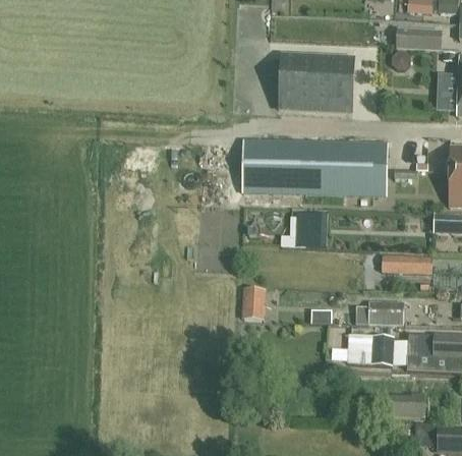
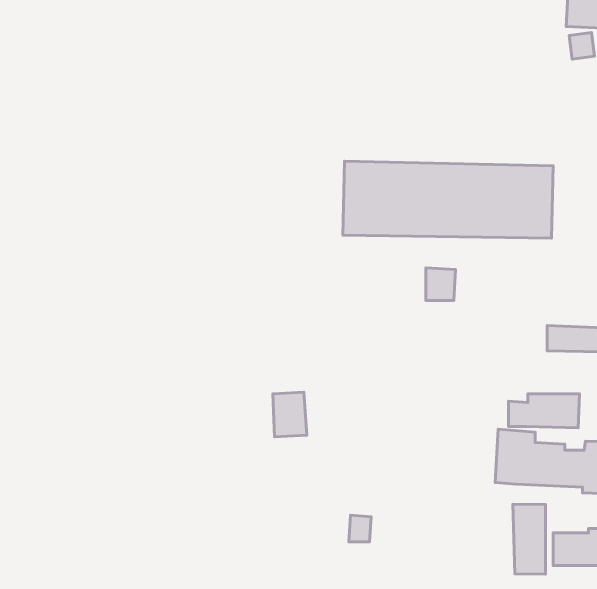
building: [278,48,356,108] -> none
building: [245,284,269,315] -> [273,392,307,437]
building: none -> [513,504,545,574]

